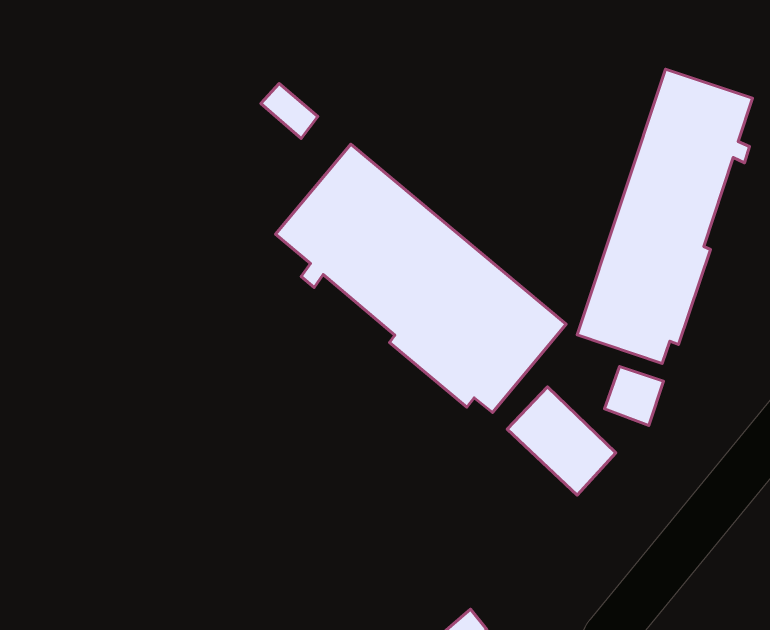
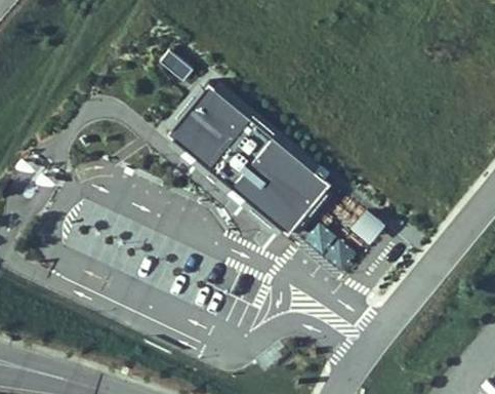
building: [577,69,753,363] -> none

